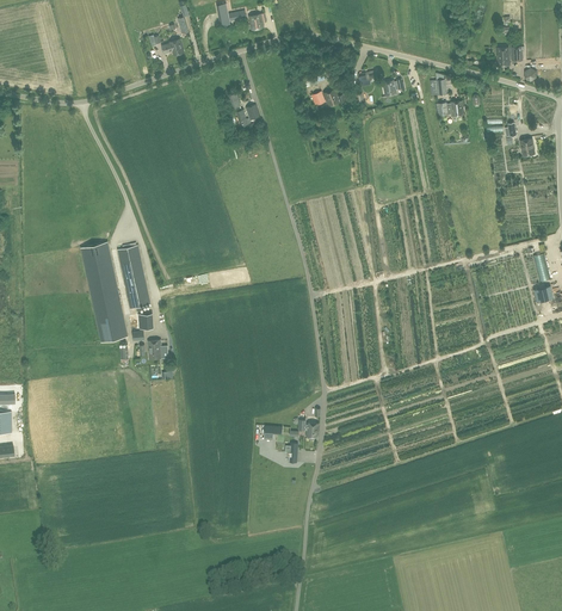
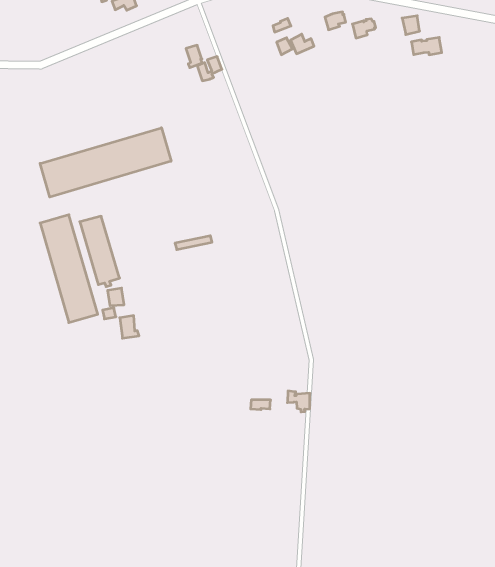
building: none -> [40,128,171,197]

